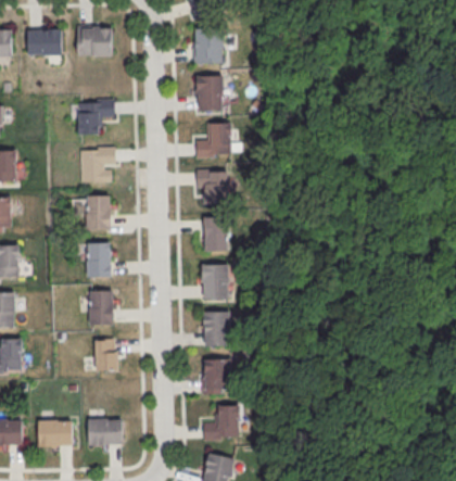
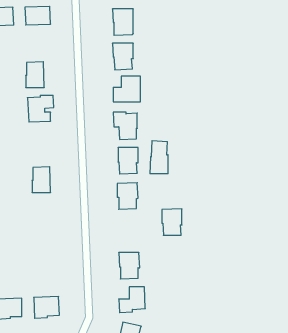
building: [85,195,110,230] -> none
building: none -> [150,141,168,174]
building: [88,291,112,326] -> none
building: [203,313,230,349] -> [162,209,182,235]
building: [94,338,118,372] -> none

